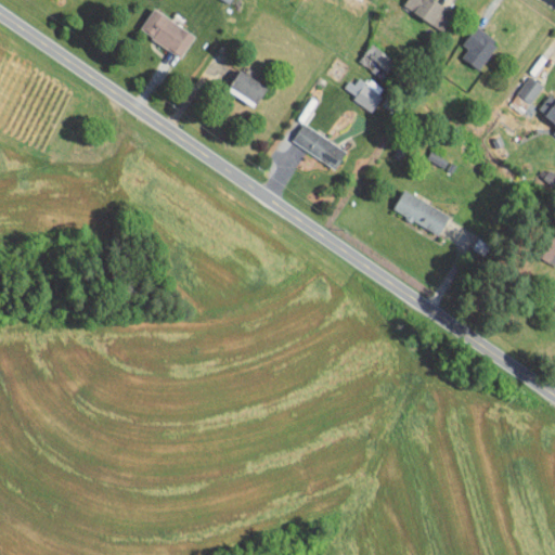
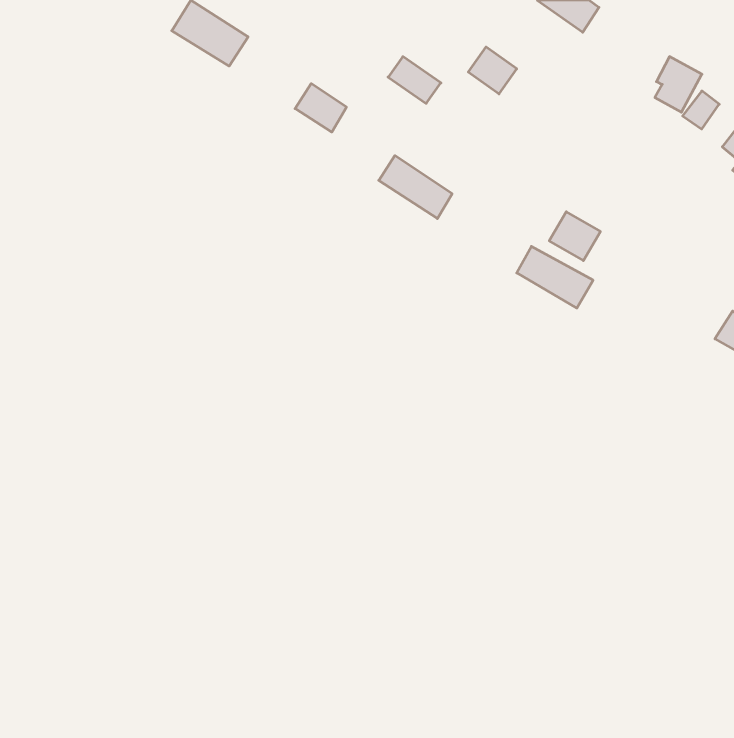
building: [462,28,496,69] -> [655,57,702,112]
building: [345,77,384,112] -> [388,57,441,103]
building: none -> [549,212,600,261]

